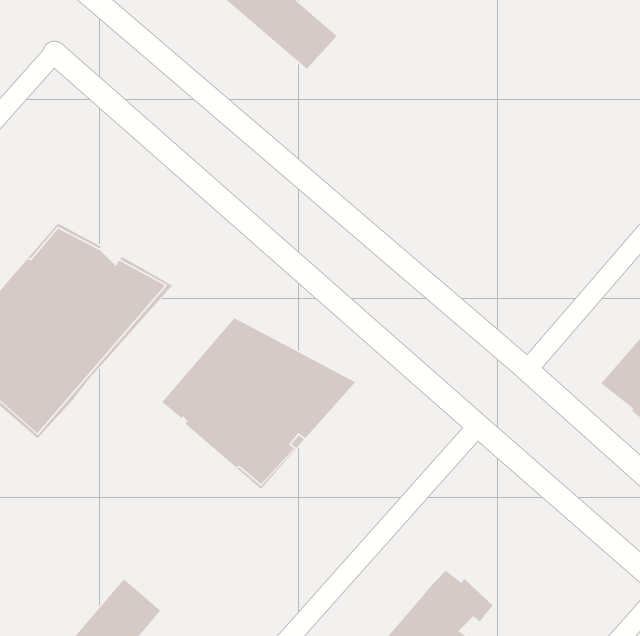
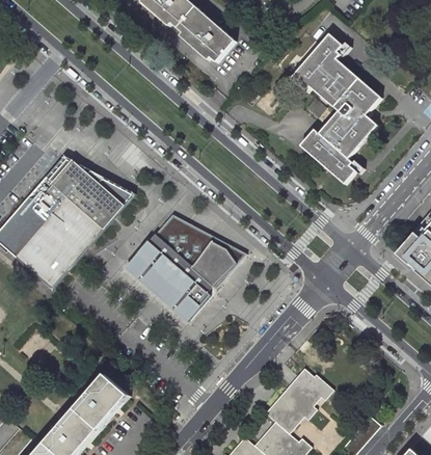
building: none -> [291,33,382,184]

